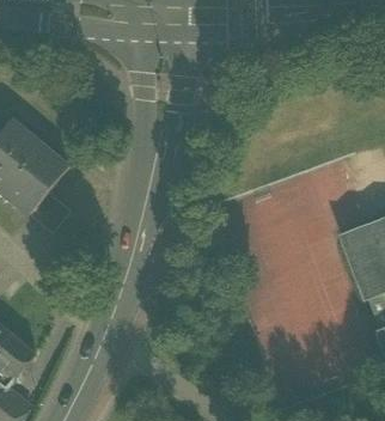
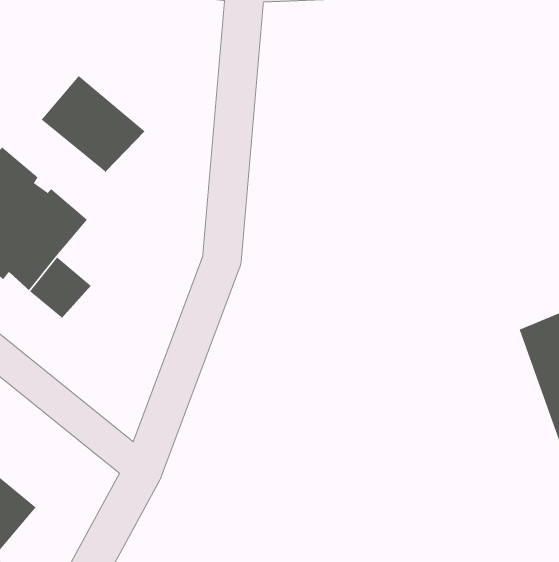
building: none -> [41,75,146,174]

